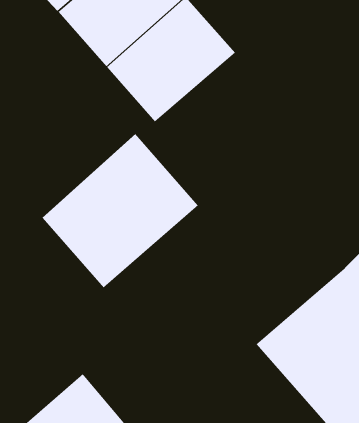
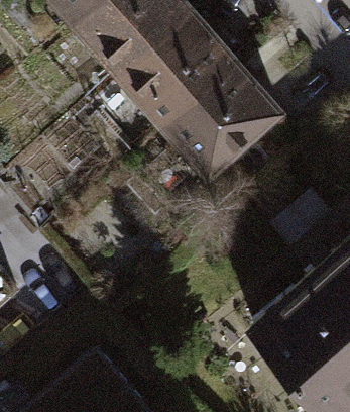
building: none -> [159,62,278,177]
building: [41,133,199,288] -> none

